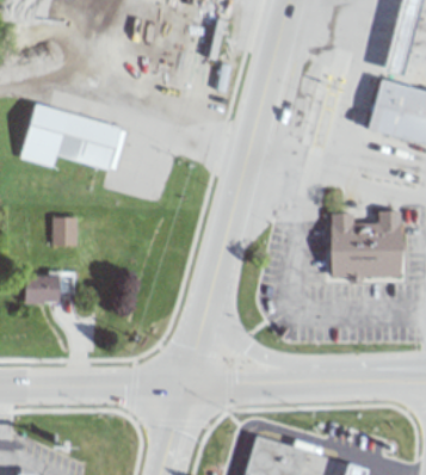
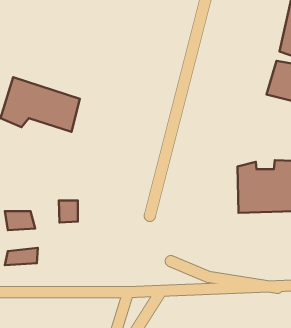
building: [50,217,75,246] -> [59,200,78,222]
building: none -> [5,248,38,265]

